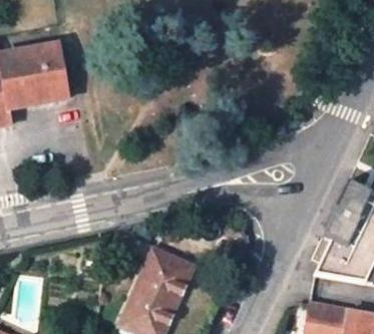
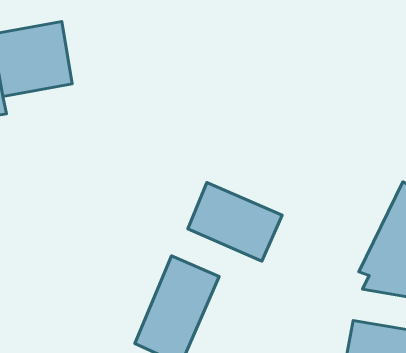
building: none -> [188,183,282,261]

